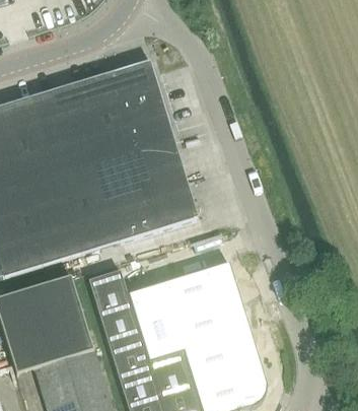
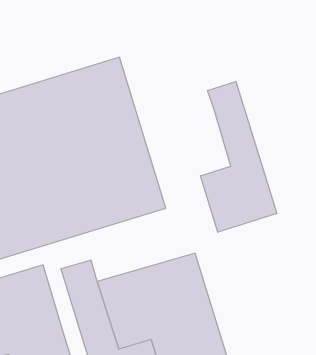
building: none -> [200,81,277,232]

